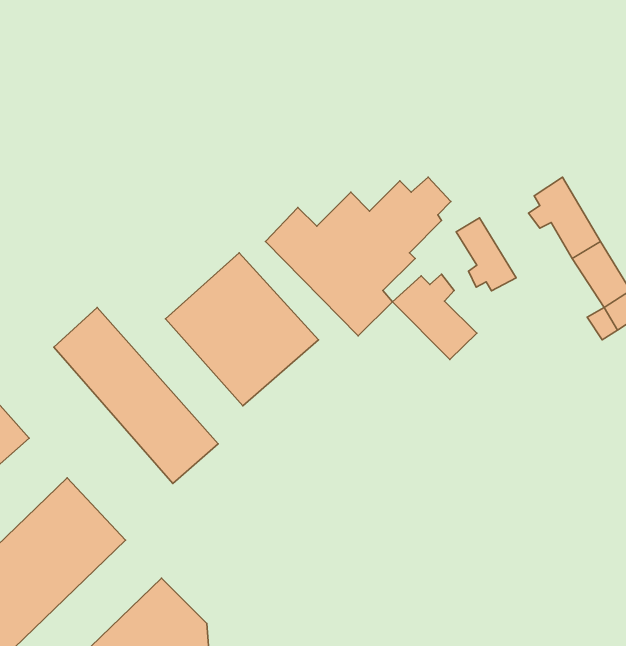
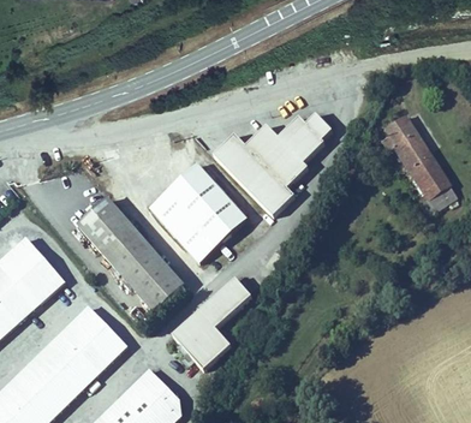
building: [456,218,516,291] -> none
building: [392,274,477,360] -> none
building: none -> [172,280,251,370]

